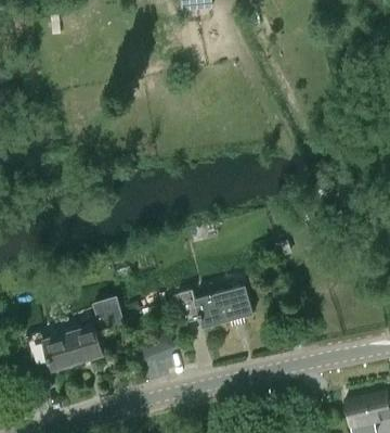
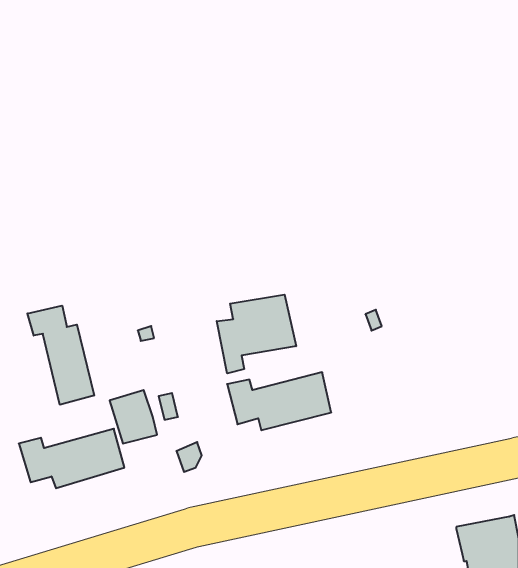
building: none -> [217,295,296,373]
building: none -> [27,306,94,405]

